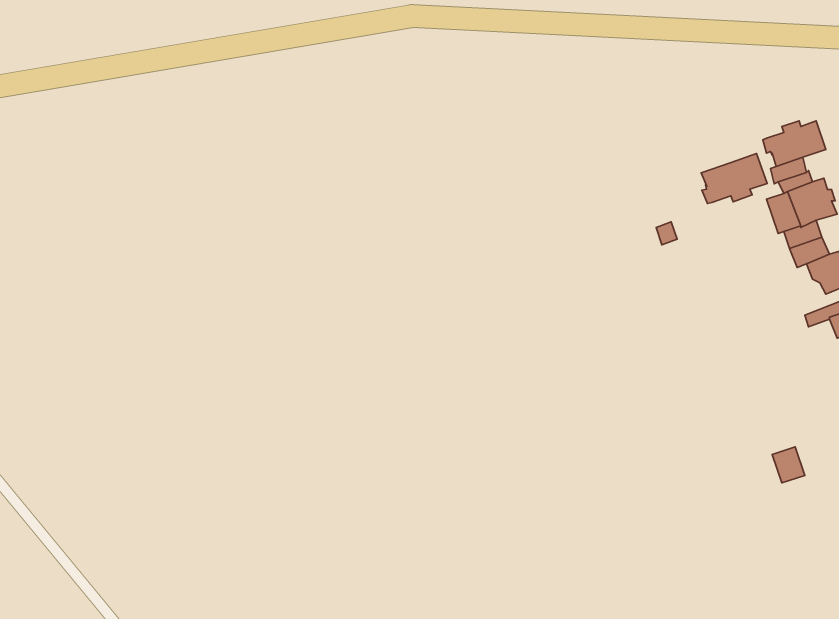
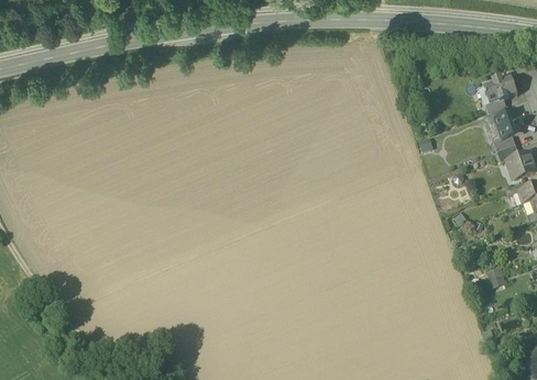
building: [701,154,767,204] -> none

